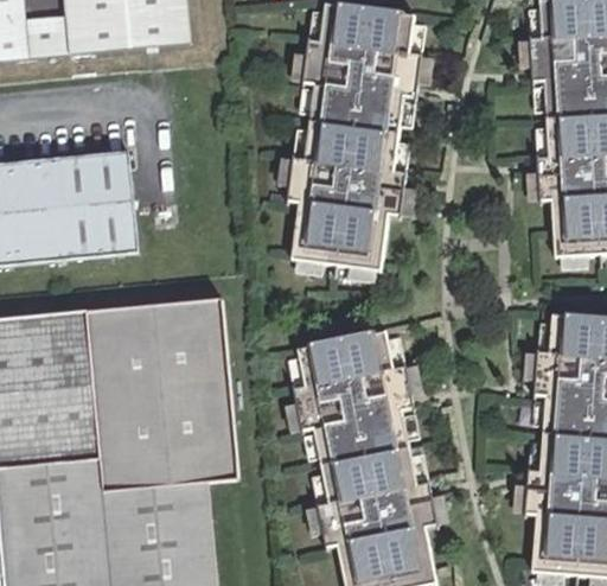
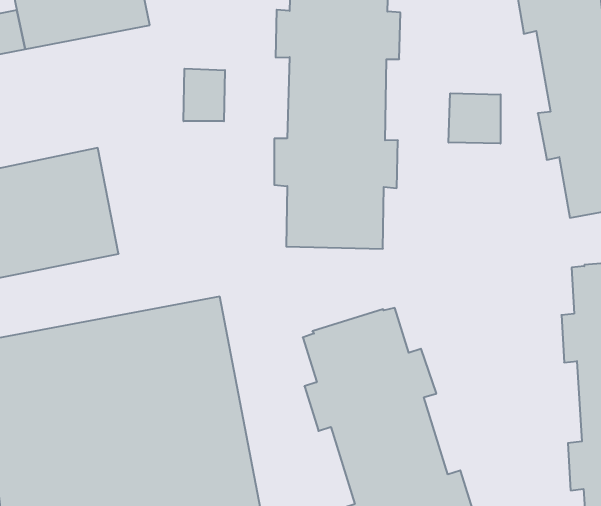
building: none -> [184,69,225,121]
building: none -> [449,93,501,144]

